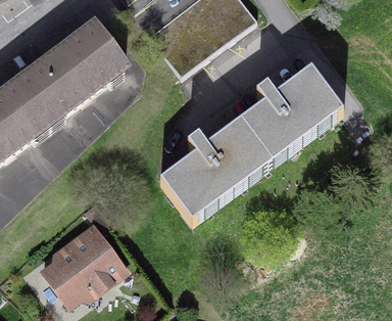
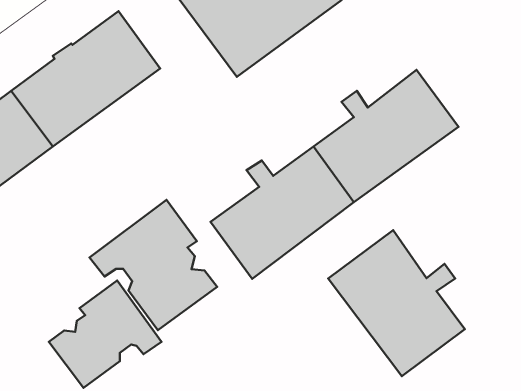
building: none -> [90,200,217,330]
building: none -> [328,230,465,376]

